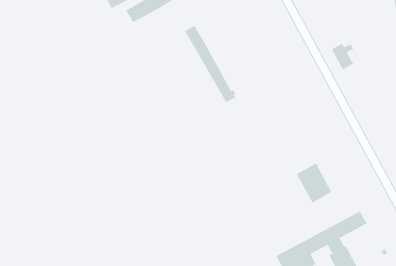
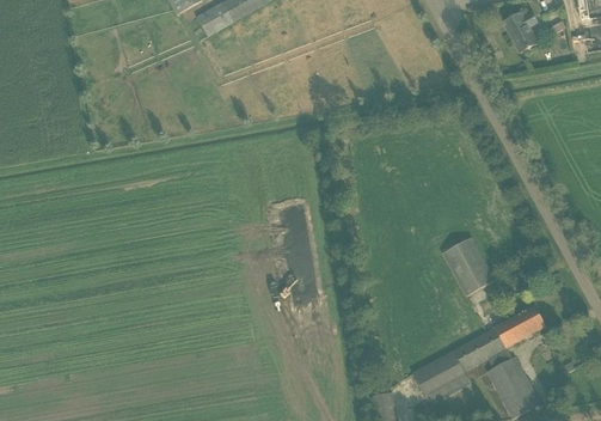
building: [184,25,236,104] -> none
building: [331,42,354,71] -> [504,11,538,51]

